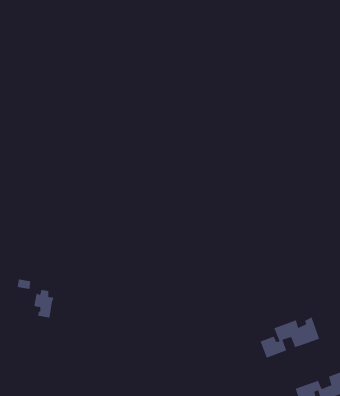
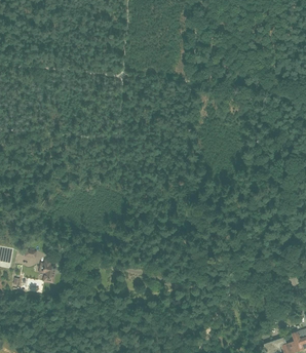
building: [260,316,320,359] -> none

